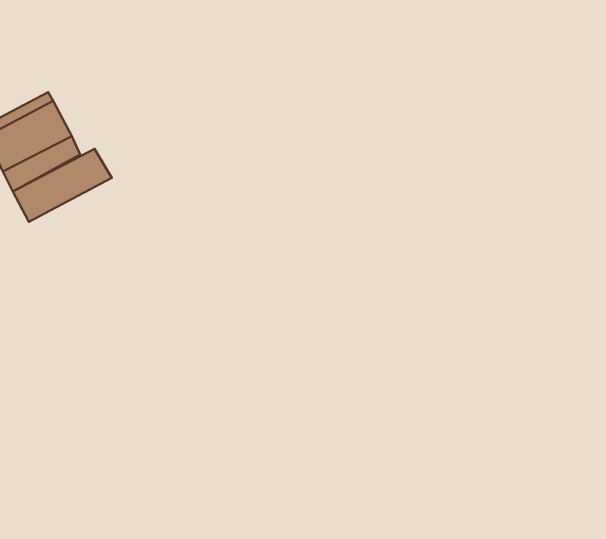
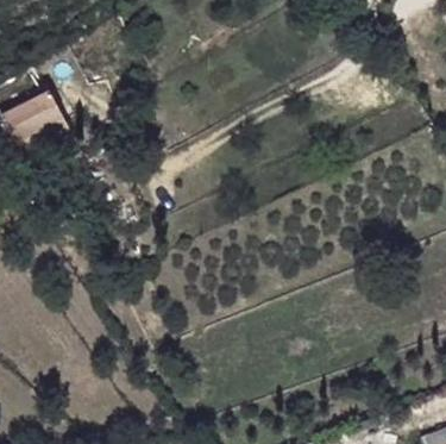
building: [13,149,112,222] -> none

